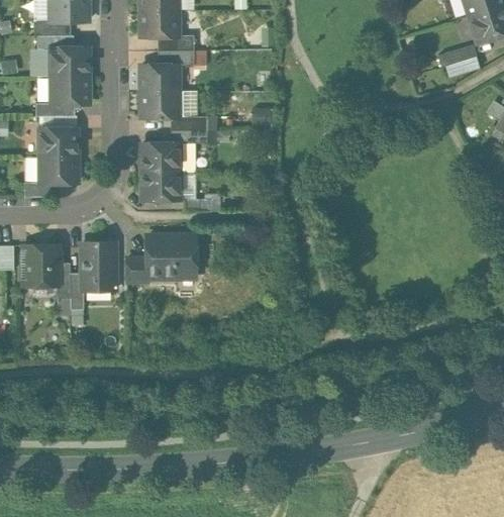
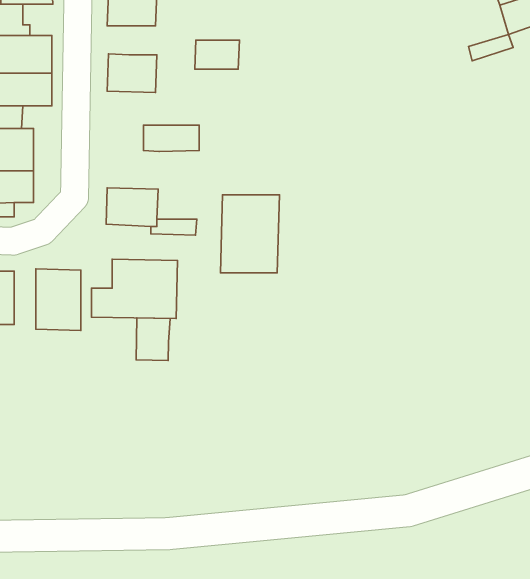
building: [157,37,194,62] -> [195,40,239,69]
building: [137,92,179,120] -> none
building: [138,140,182,174] -> none
building: none -> [221,195,279,273]
building: [61,265,79,311] -> none
building: none -> [136,318,170,360]

